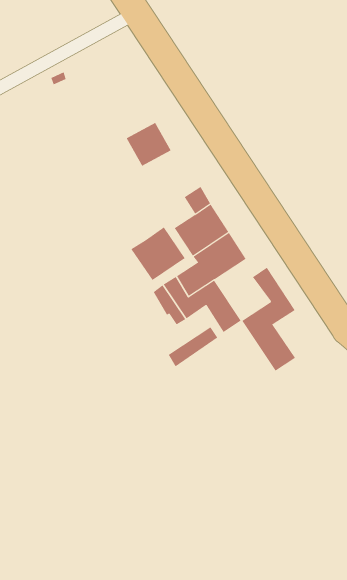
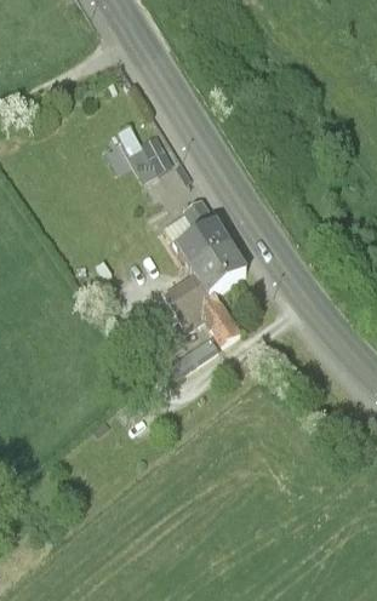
building: [131,227,186,281] -> none
building: [242,267,296,372] -> none

